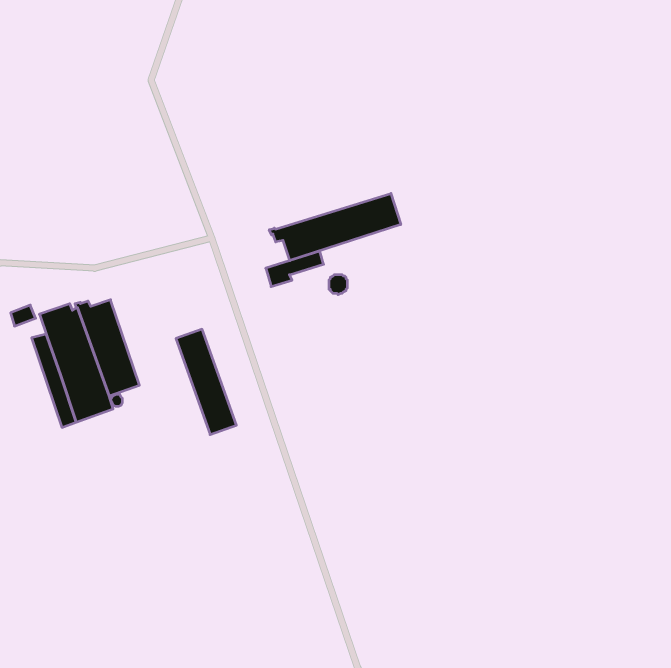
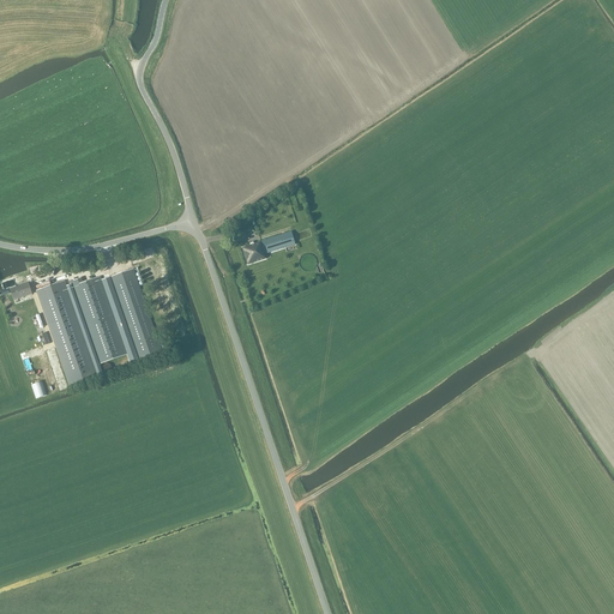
building: [269,193,401,261] -> none
building: [176,329,236,435] -> [110,265,165,361]

